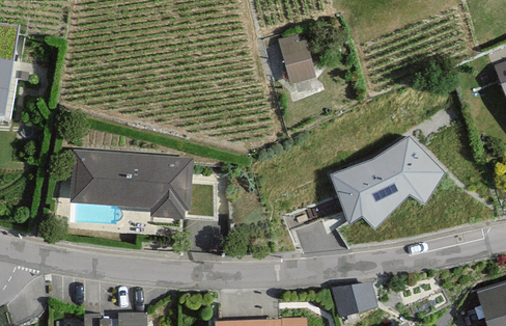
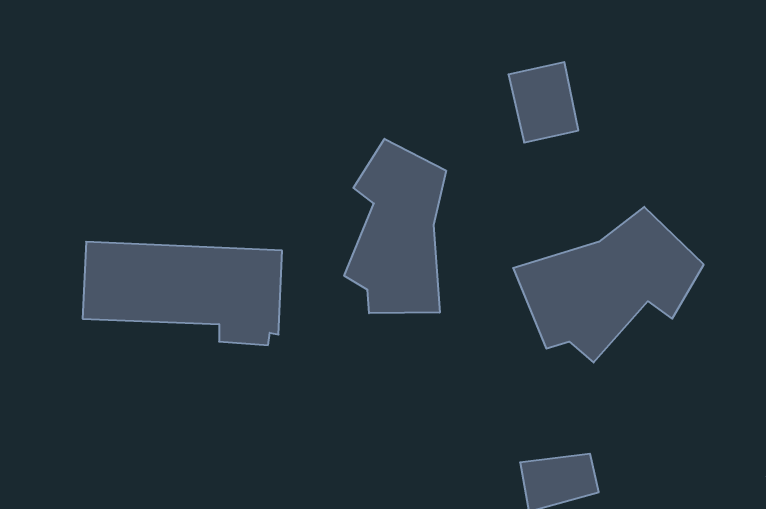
building: [277,37,318,85] -> [508,62,578,143]
building: none -> [344,139,446,313]

